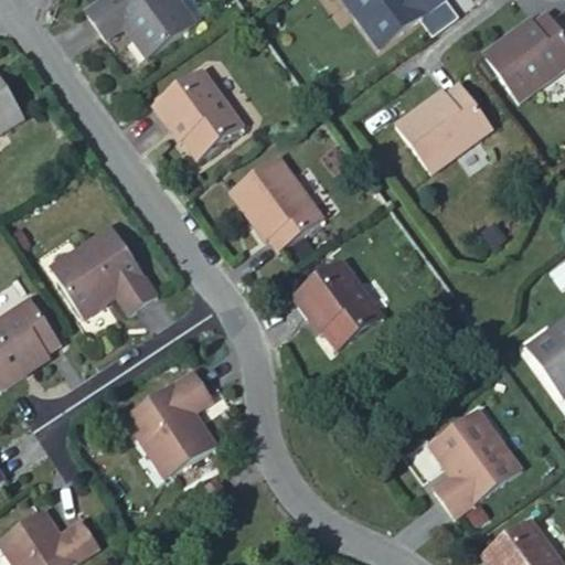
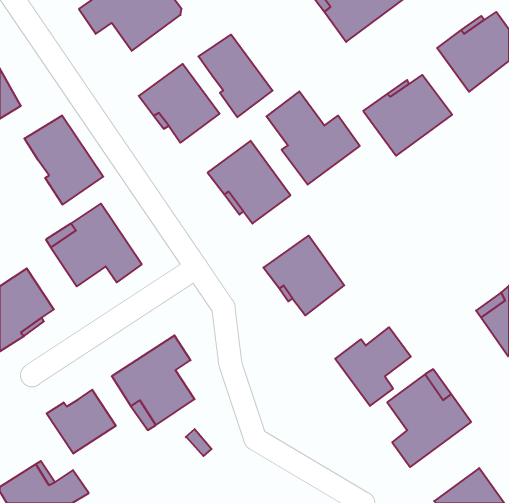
building: none -> [198,35,273,117]
building: none -> [266,91,360,185]
building: none -> [24,115,103,205]
building: none -> [335,327,411,406]
building: none -> [47,390,116,454]

